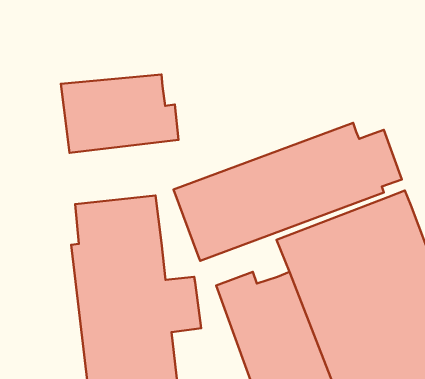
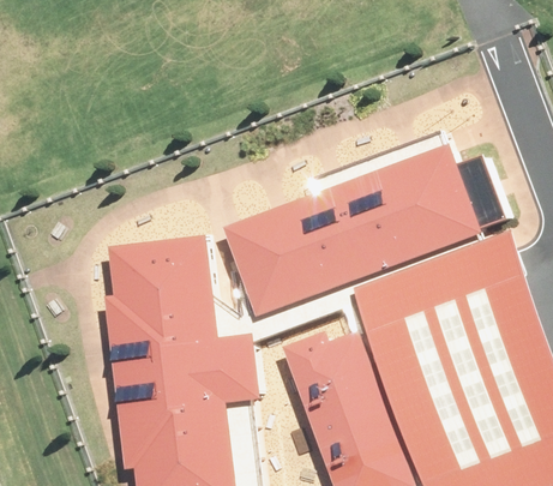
building: [61,74,178,153] -> none

